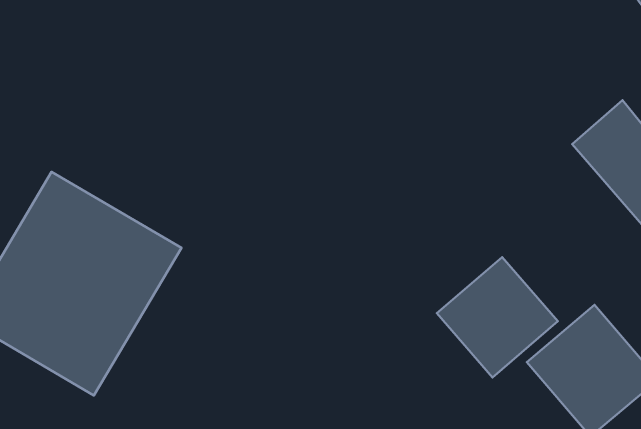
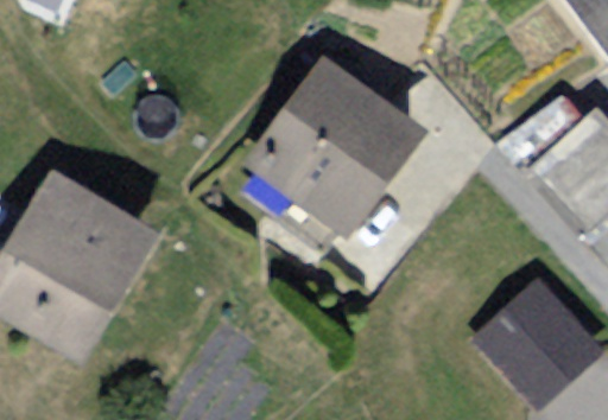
building: none -> [245,57,422,234]
building: [437,257,558,377] -> none

